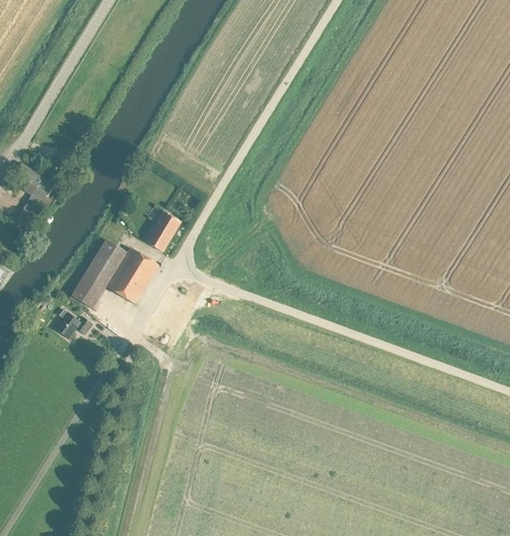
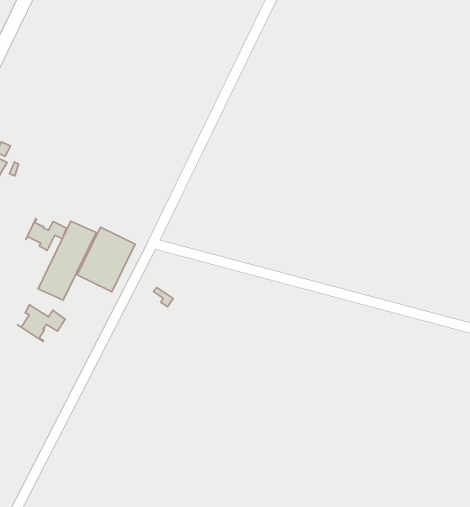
building: [145,211,180,252] -> none
building: none -> [26,219,66,251]

